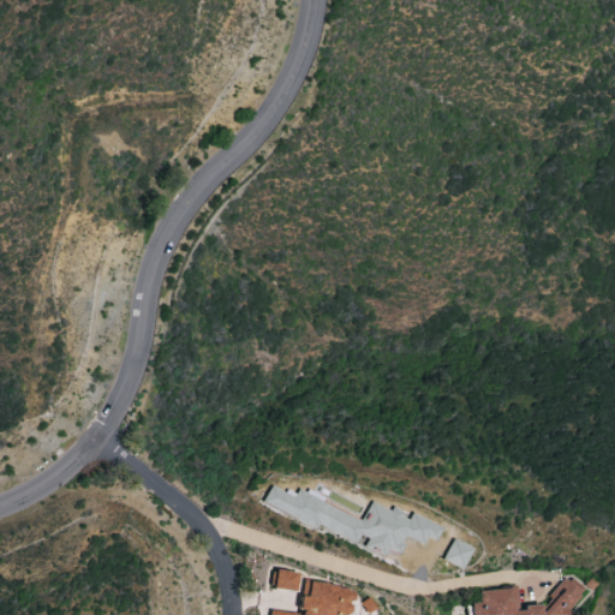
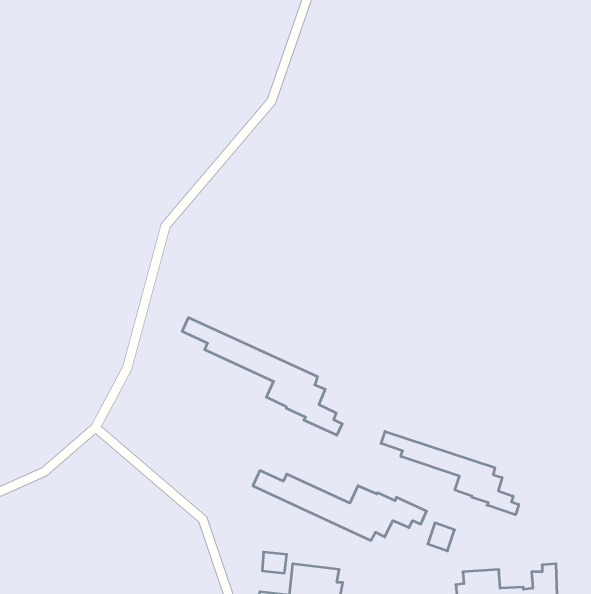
building: none -> [182,318,342,435]
building: none -> [381,431,519,515]

